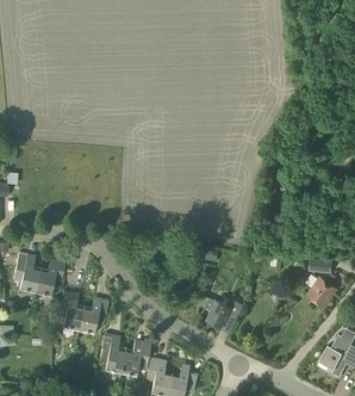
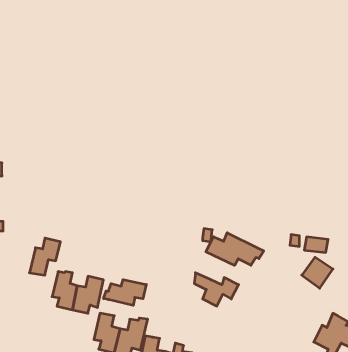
building: [14,253,41,293] -> none
building: none -> [206,233,264,265]
building: none -> [104,280,146,305]

